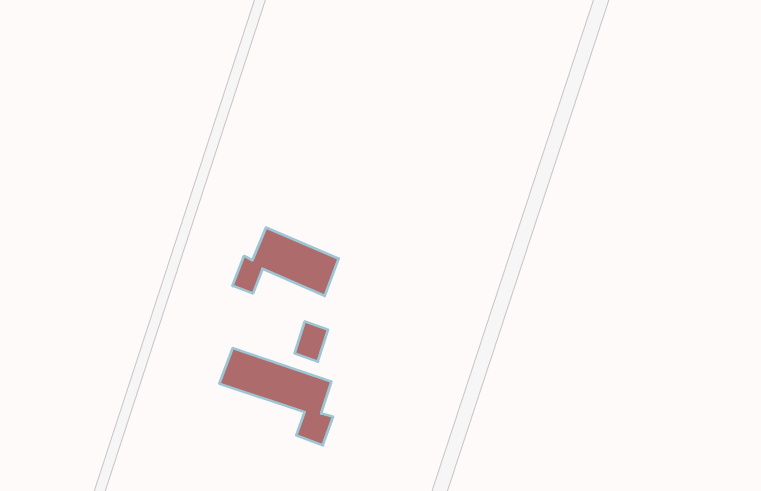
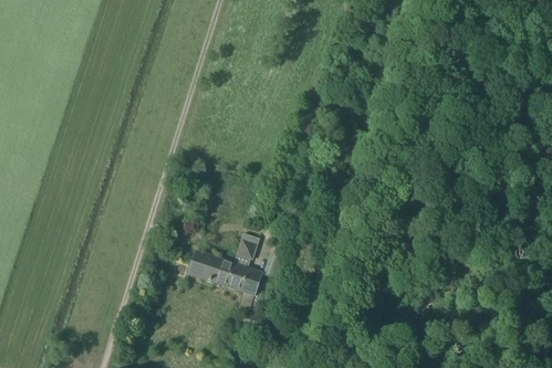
building: [233,228,339,296] -> none

